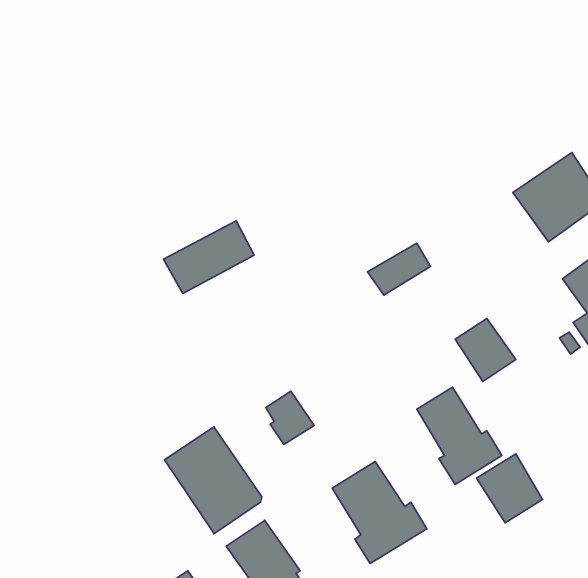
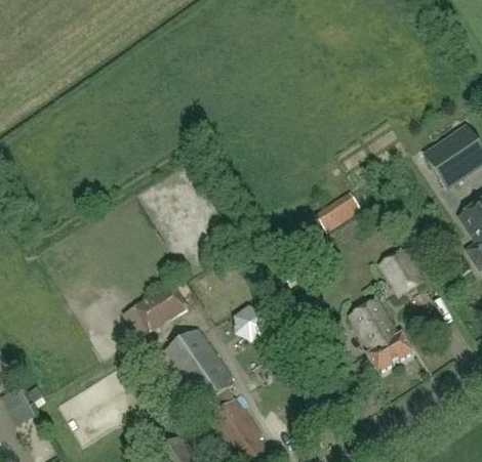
building: [163,221,254,294] -> [126,283,194,337]
building: [476,454,542,523] -> none
building: [332,461,427,564] -> none

